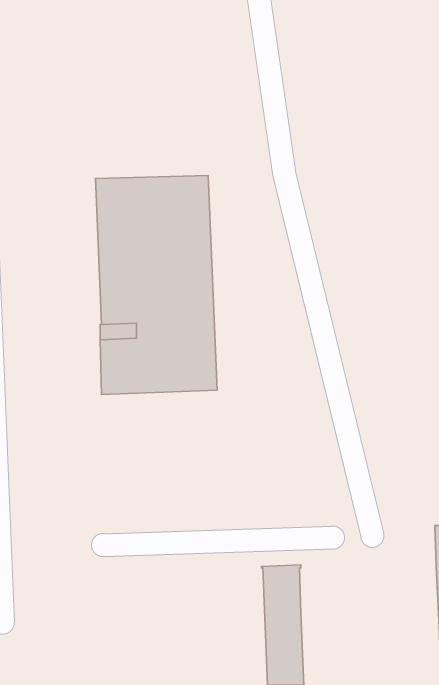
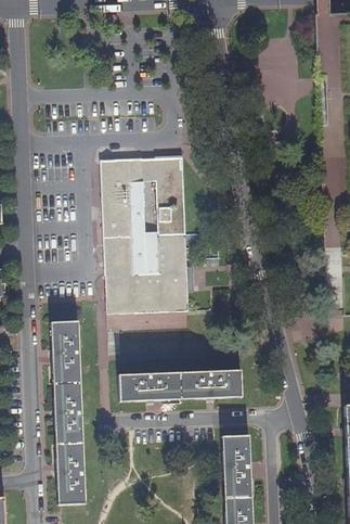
building: none -> [50,321,87,503]
building: none -> [119,368,243,401]

